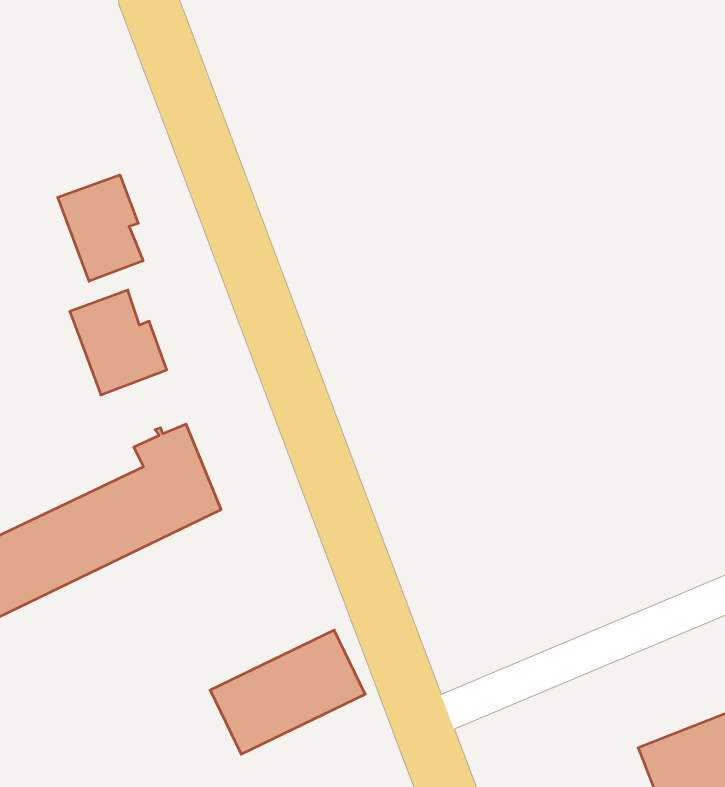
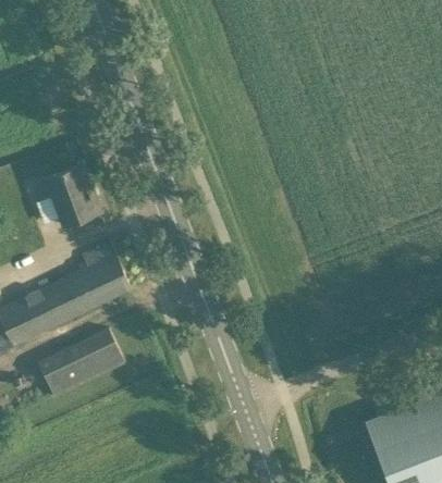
building: [58,175,143,281] -> none
building: [210,630,365,754] -> [38,329,125,398]

